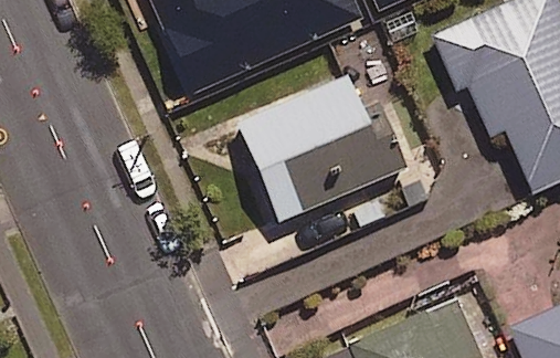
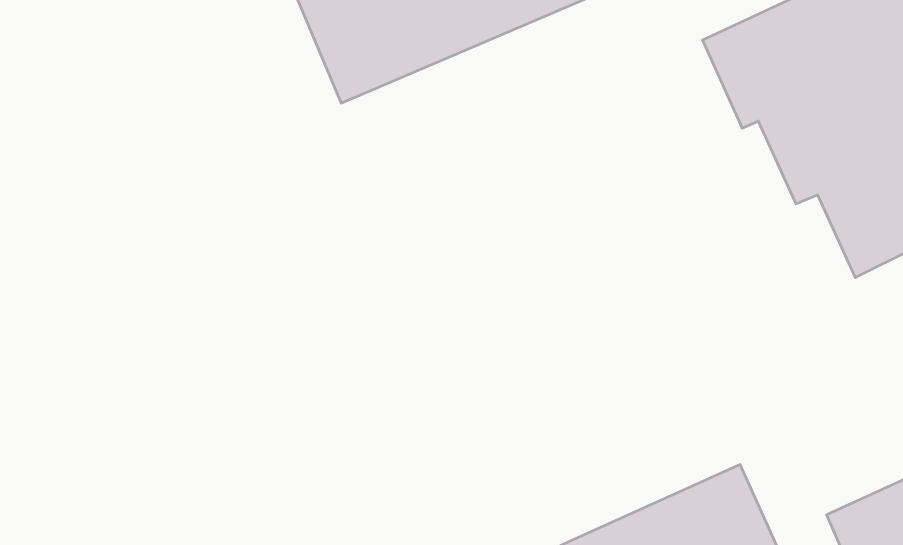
building: [236,75,409,222] -> none

